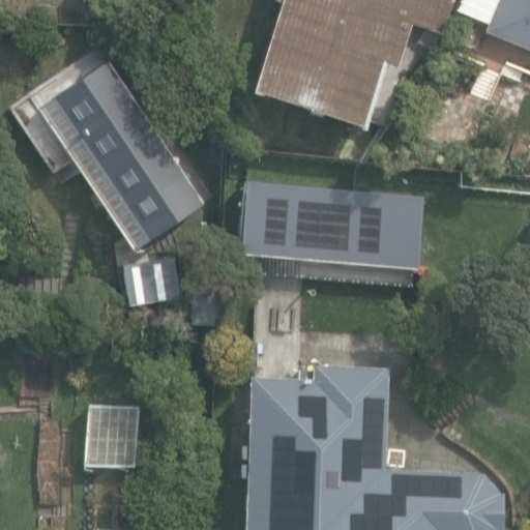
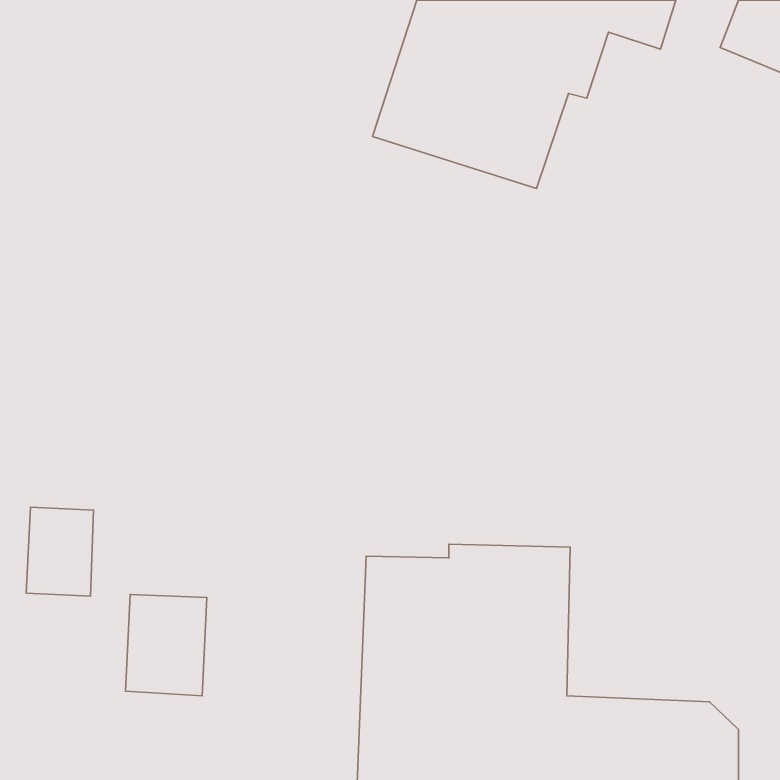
building: [38,64,202,224] -> none
building: [235,174,418,264] -> none

